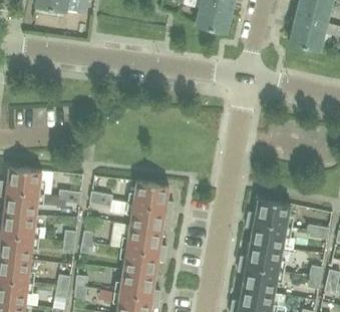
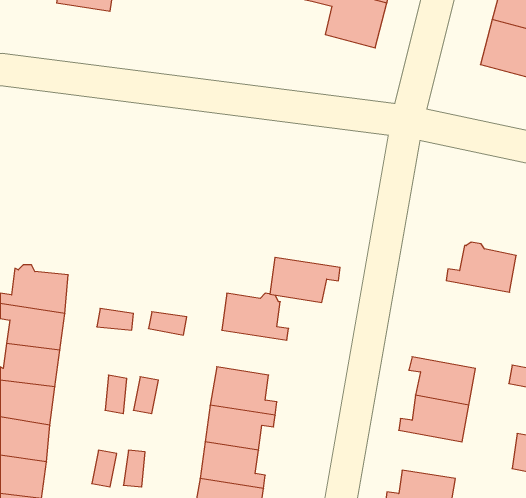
building: [248,196,290,226] -> [446,242,516,292]
building: [130,203,173,230] -> [270,257,340,302]
building: [238,263,278,292] -> none

